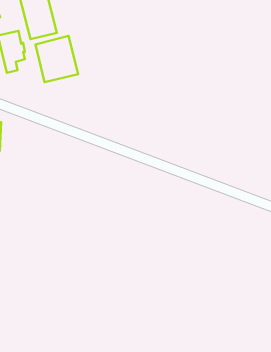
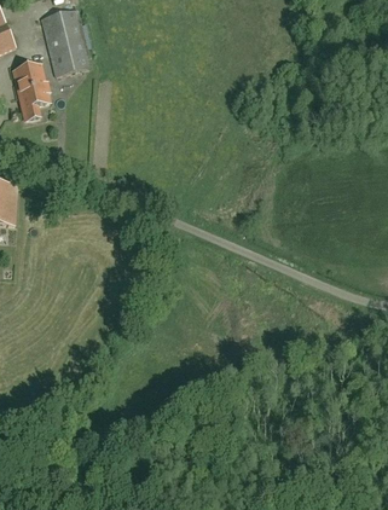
building: [36,36,78,82] -> none

